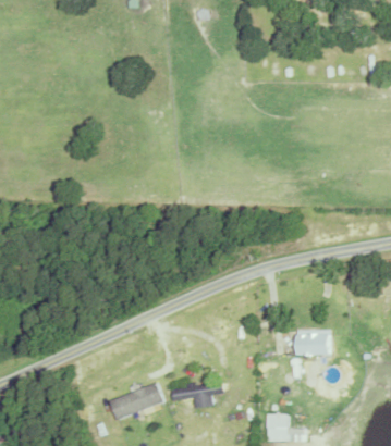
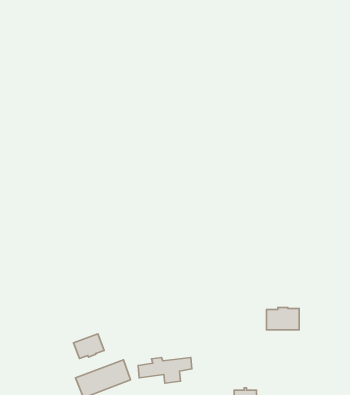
building: none -> [74,334,104,359]

